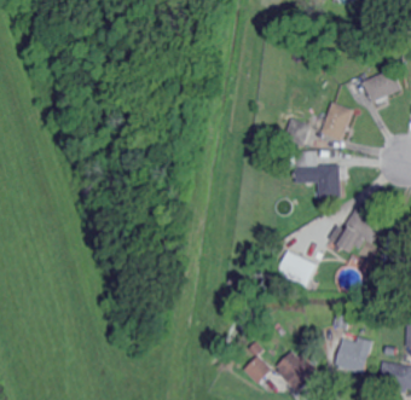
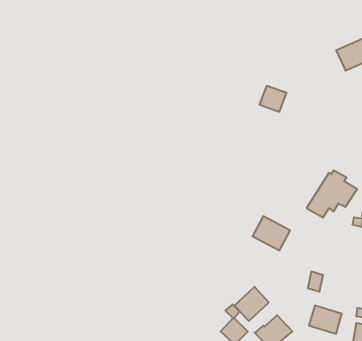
building: [322,102,354,139] -> none
building: [295,150,340,196] -> none
building: none -> [234,287,269,321]

